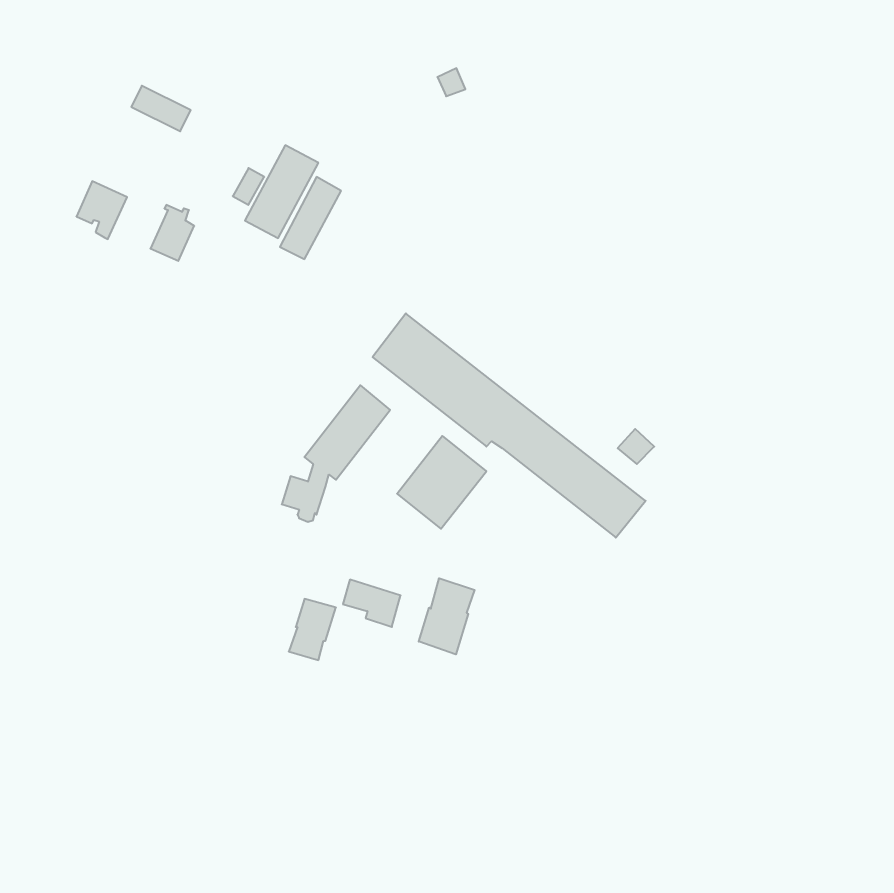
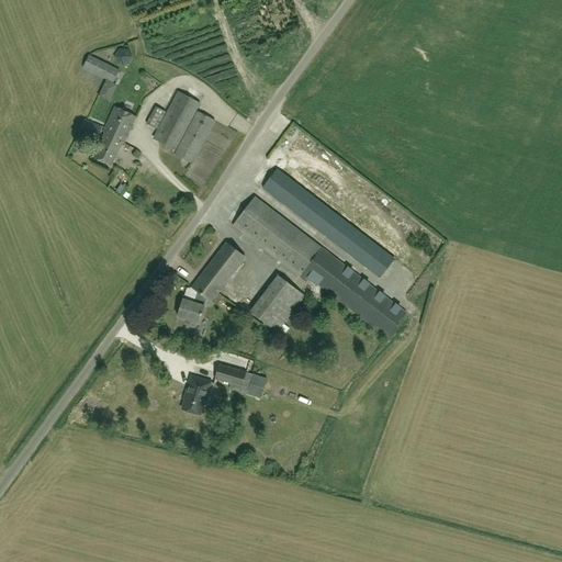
building: [76,181,127,239] -> [104,106,136,143]
building: none -> [262,168,394,277]
building: [419,578,475,654] -> none

